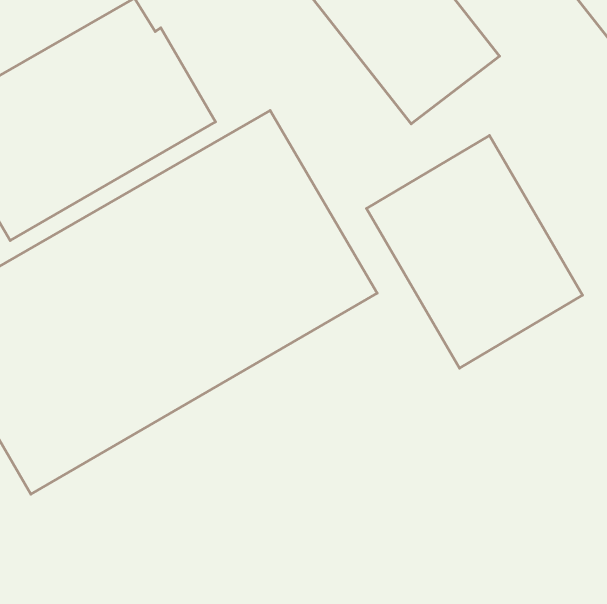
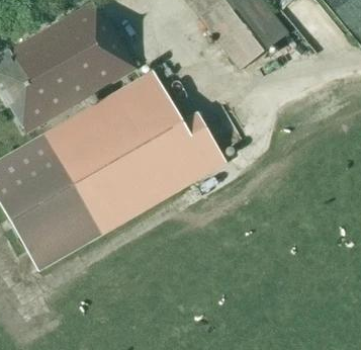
building: [366,135,583,368] -> none

